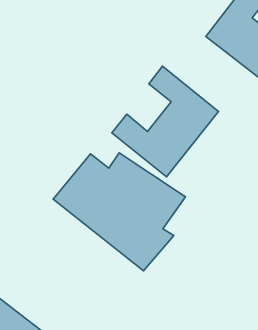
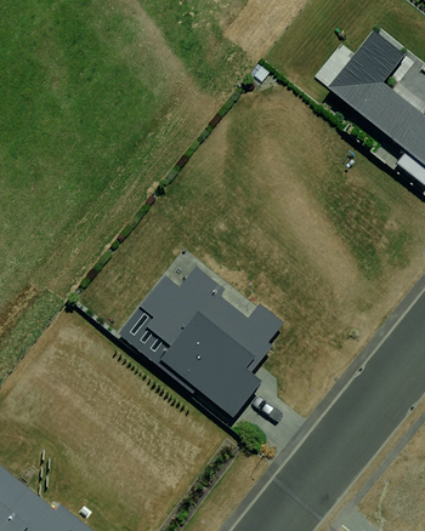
building: [112,66,218,177] -> none

